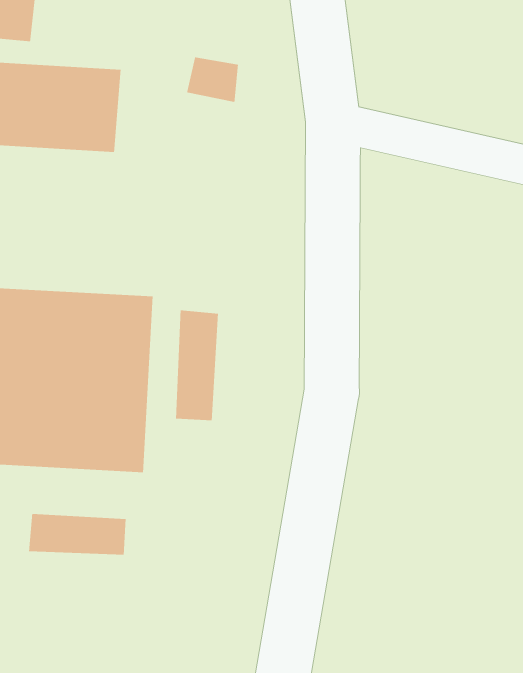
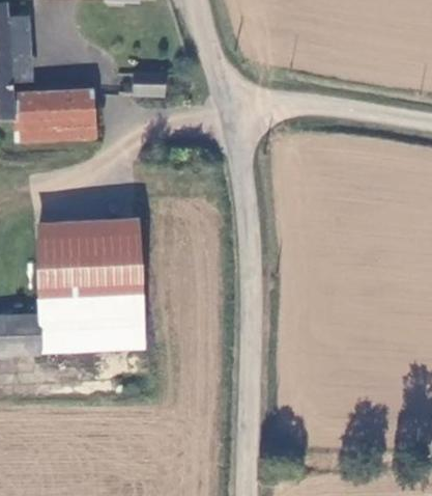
building: [175,310,219,421] -> none
building: [28,513,127,556] -> none

